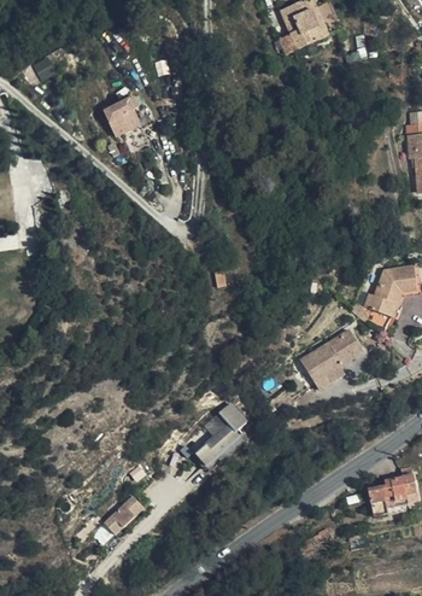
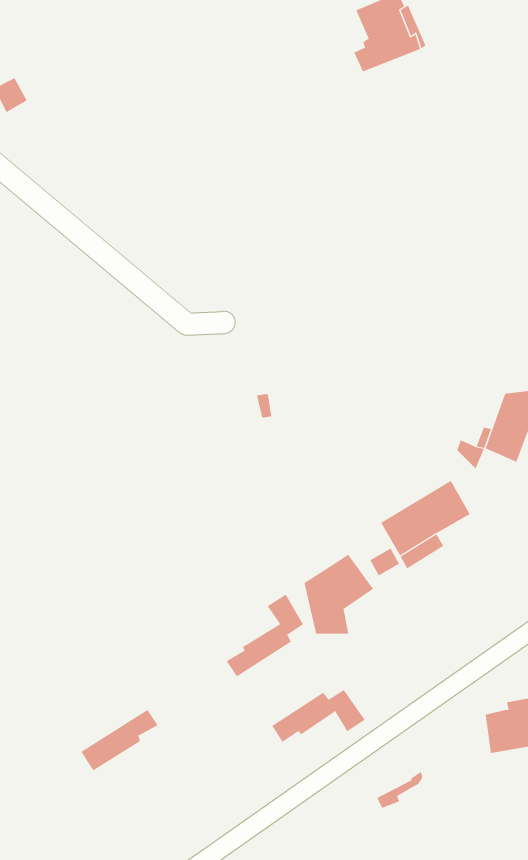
building: [106,99,151,136] -> none
building: none -> [304,554,374,634]
building: none -> [272,689,365,743]

